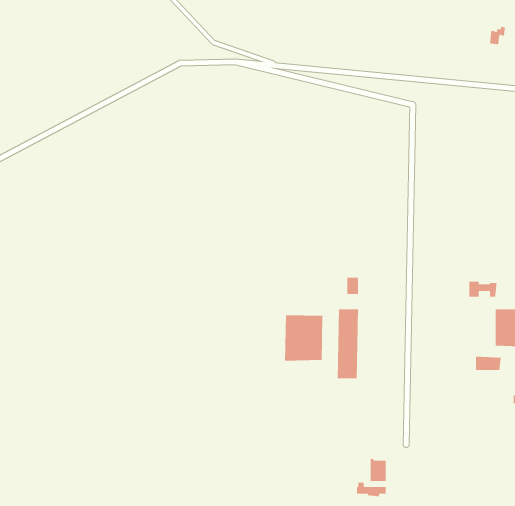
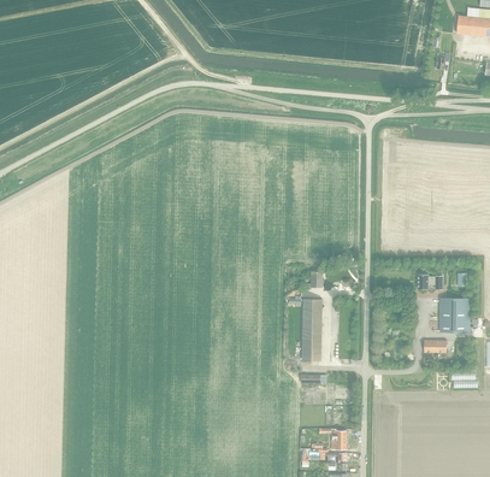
building: [284,314,323,361] -> none

